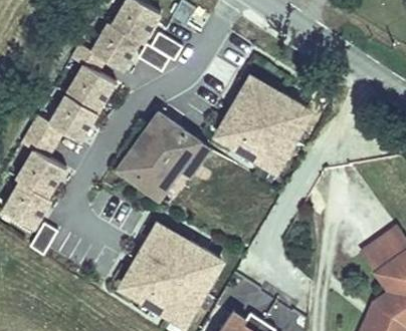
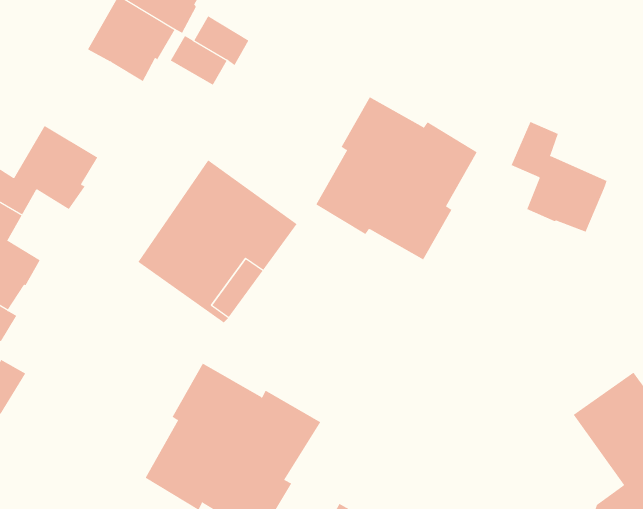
building: [66,43,113,111] -> none
building: none -> [511,121,607,233]

